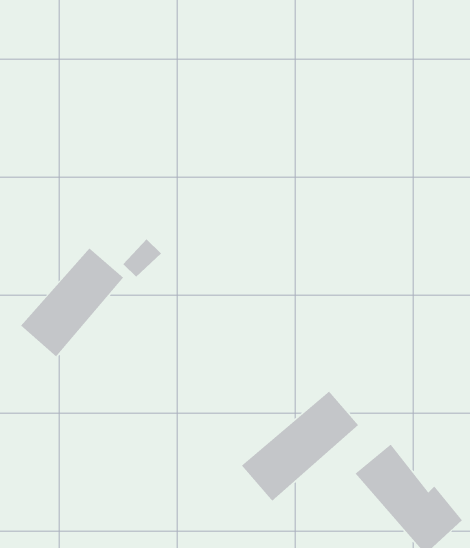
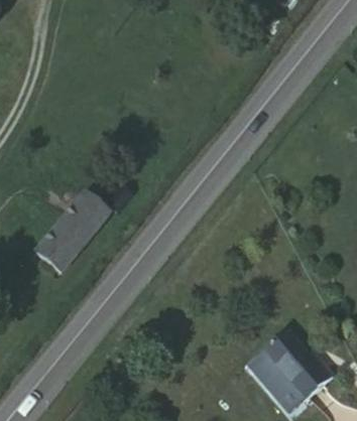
building: [241,391,359,502] -> none

